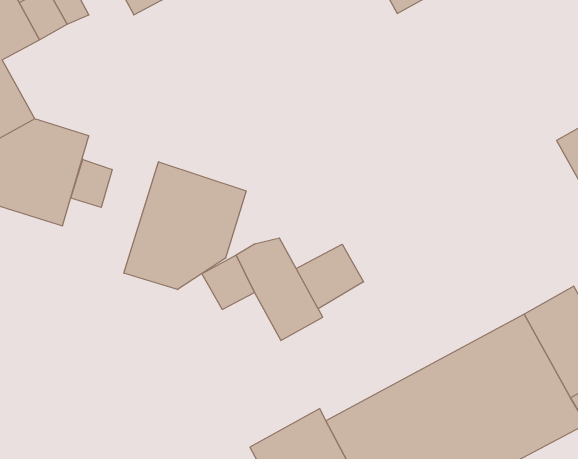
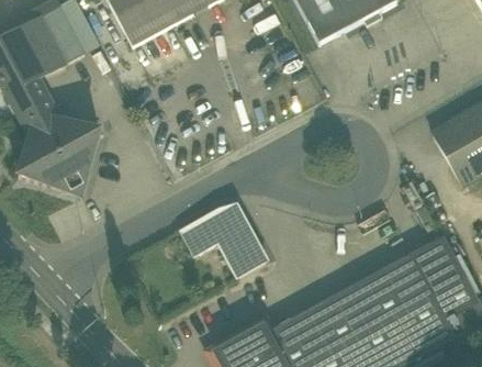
building: [71,159,112,207] -> none
building: [124,162,246,290] -> none
building: [296,244,364,309] -> none

